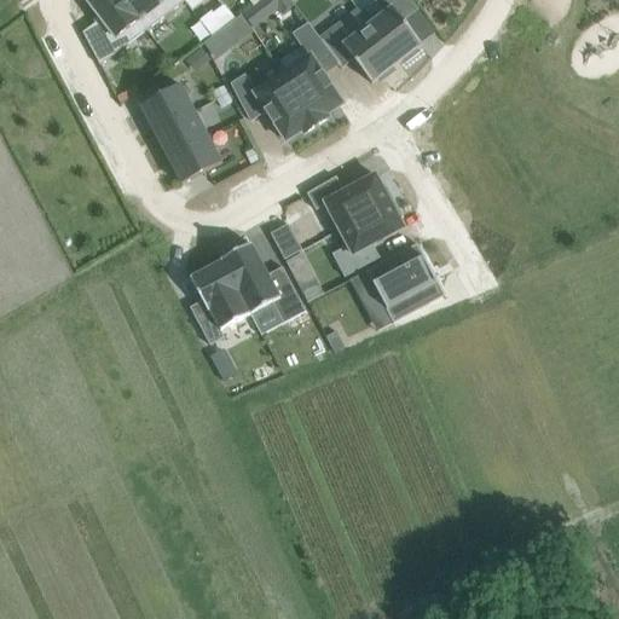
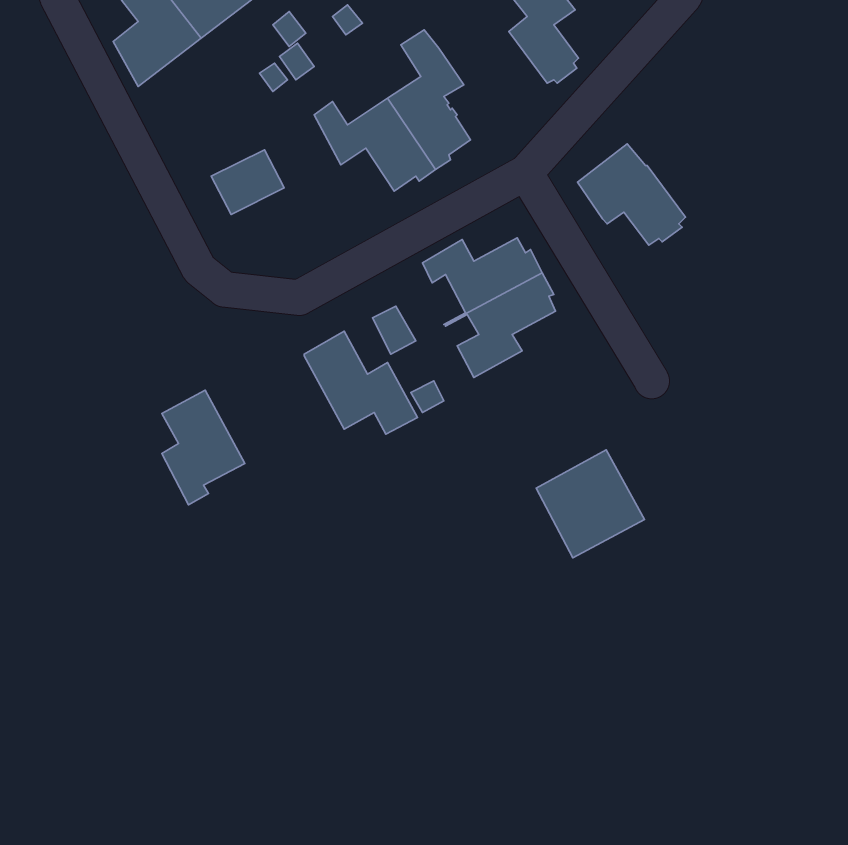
building: [319,7,398,81] -> [577,144,685,245]
building: [139,80,192,128] -> none
building: [168,137,222,185] -> none
building: [369,245,447,324] -> [536,450,644,558]
building: [190,259,250,342] -> [162,390,245,505]

